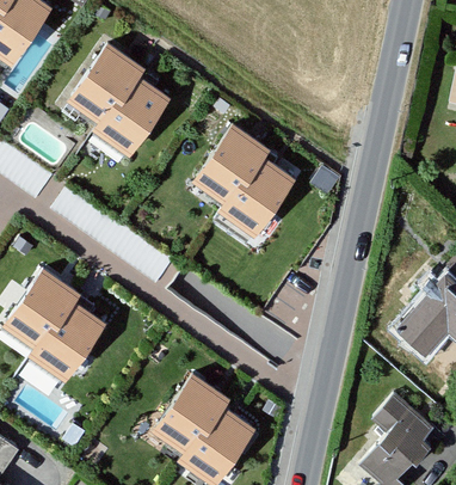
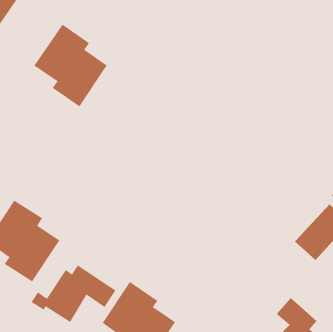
building: [193,127,290,233] -> none
building: none -> [31,265,116,323]

